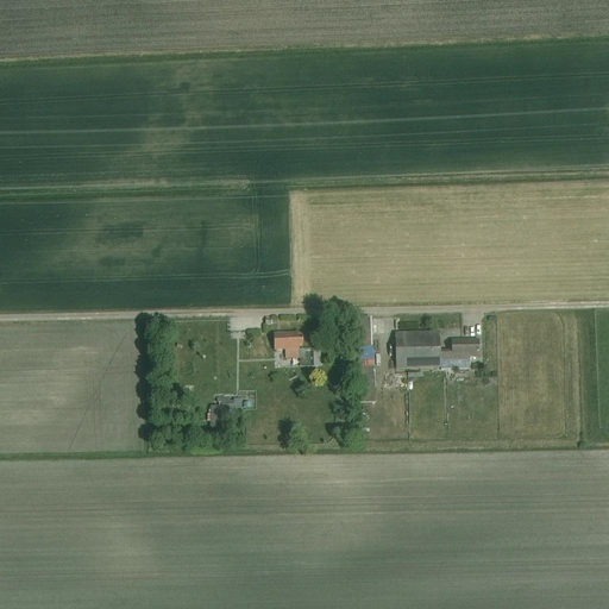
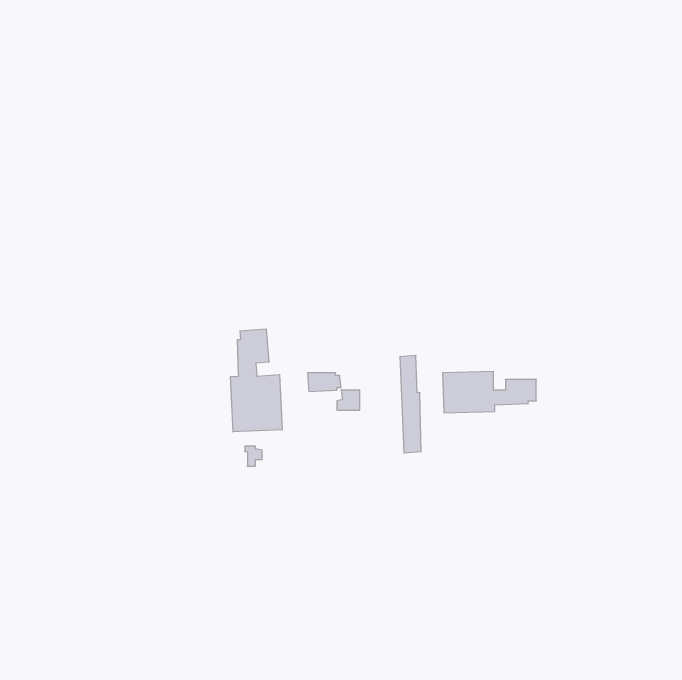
building: none -> [231,329,282,432]

